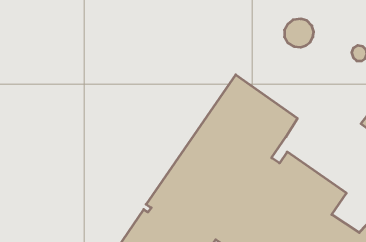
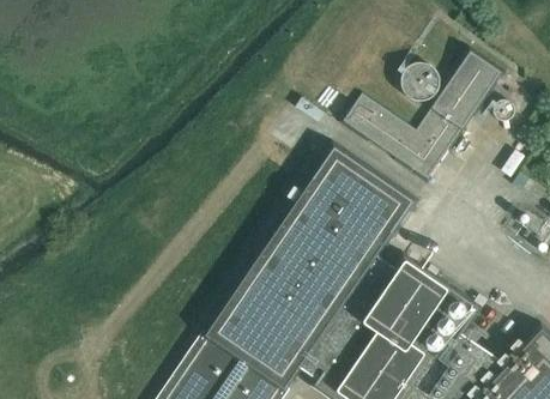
building: none -> [343,52,501,185]

